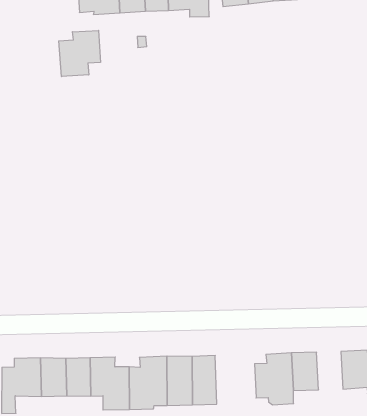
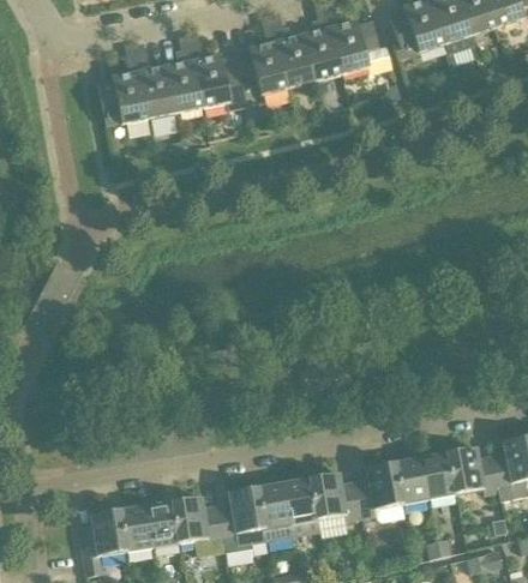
building: [59,30,100,77] -> none
building: none -> [422,451,457,497]
building: none -> [312,471,364,529]

